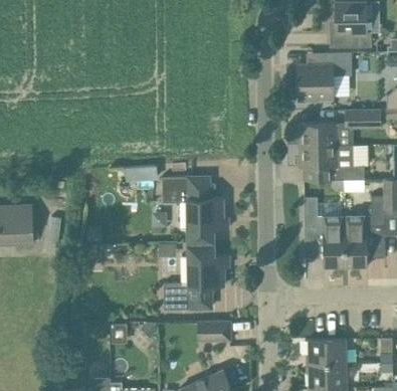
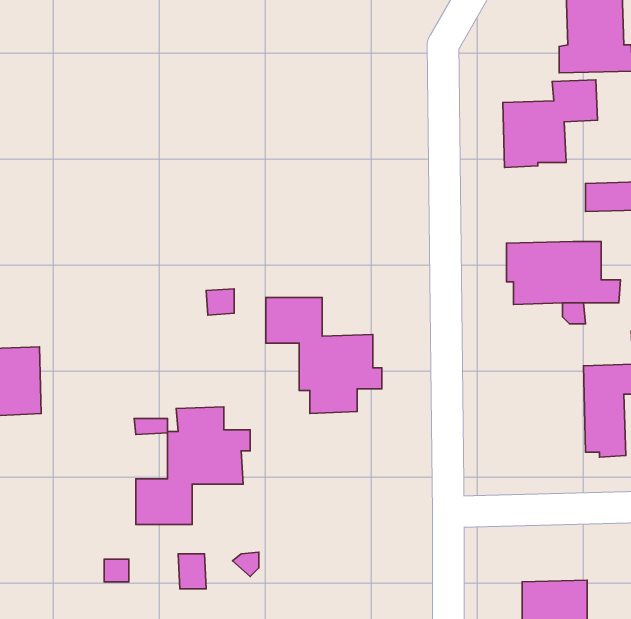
building: [299,124,338,146] -> none
building: [304,197,345,268] -> none
building: [164,242,229,310] -> [136,407,250,525]
building: [198,321,230,341] -> none

